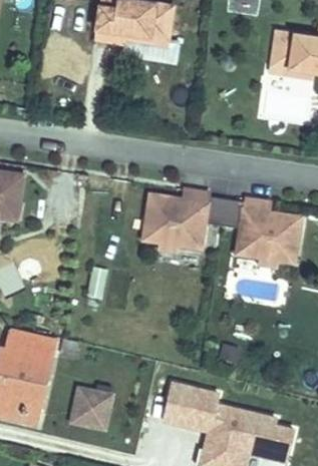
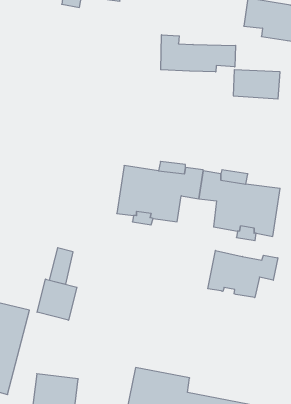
building: none -> [161,35,236,72]
building: none -> [208,250,278,298]
building: none -> [37,279,77,320]

